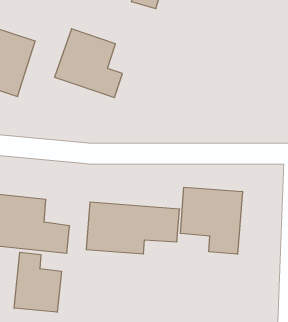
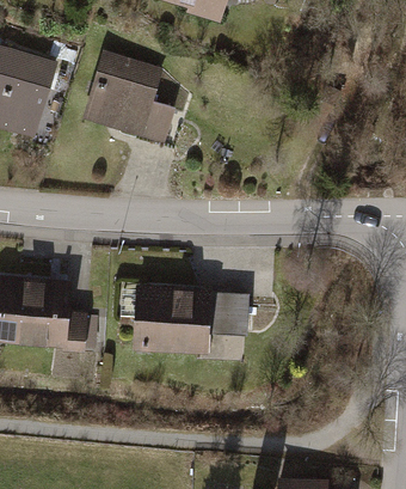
building: [180,187,242,254] -> none
building: [14,252,61,312] -> none

